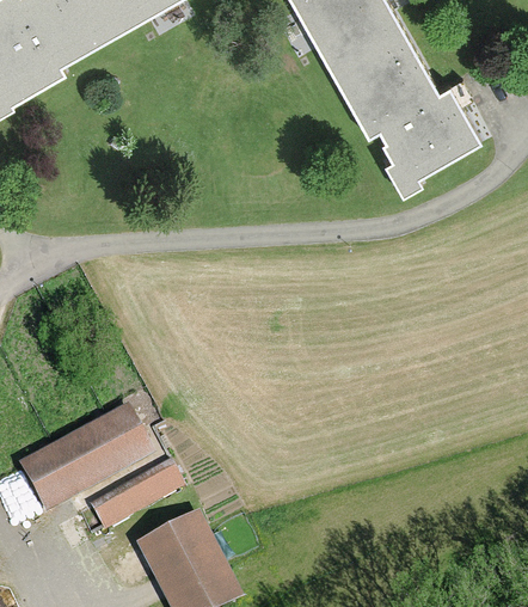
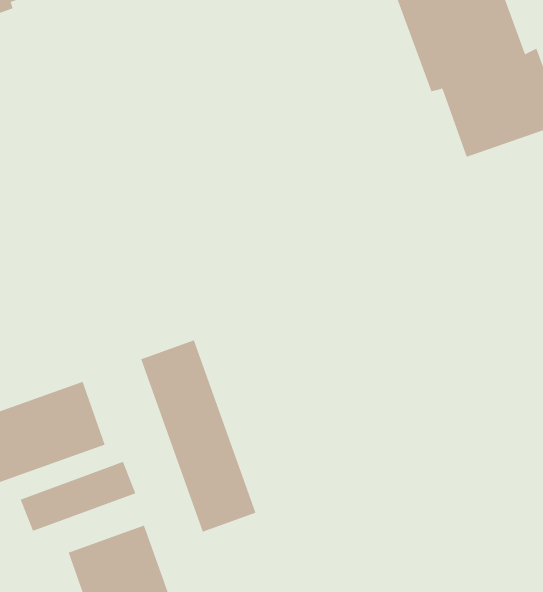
building: none -> [141,340,256,532]

